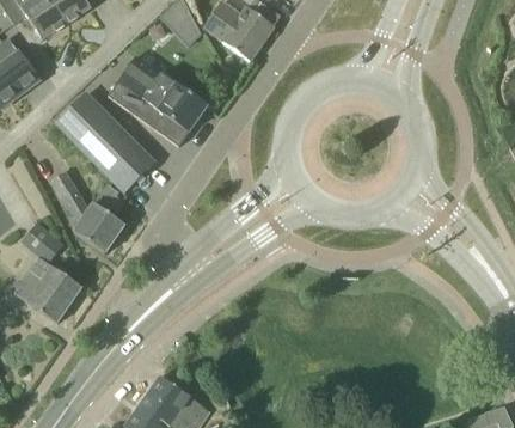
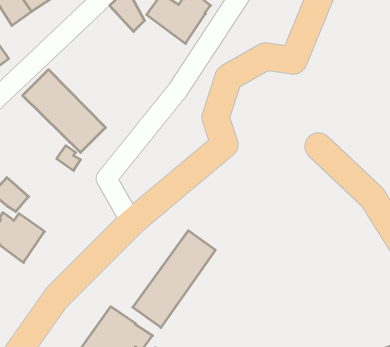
building: [108,55,207,146] -> none
building: [50,171,124,252] -> none
building: none -> [133,231,215,328]

